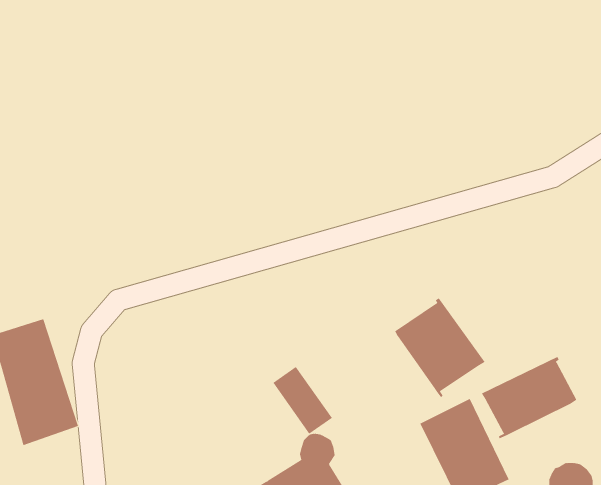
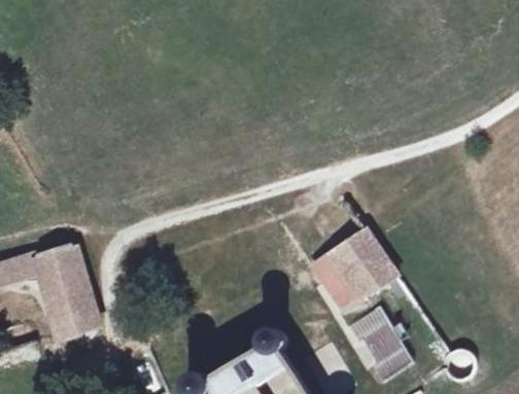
building: [481,356,577,439] -> none
building: [272,366,333,435] -> [313,257,357,308]

